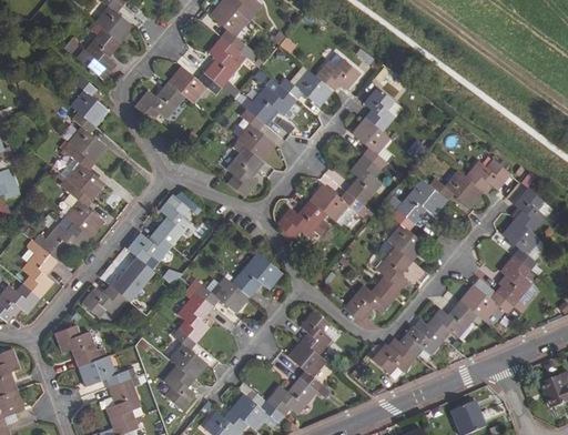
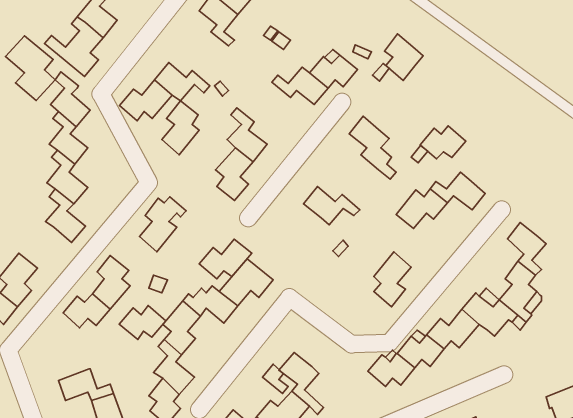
building: [204,37,240,88] -> [162,101,199,155]
building: none -> [6,36,55,100]
building: [246,84,297,122] -> none
building: [365,87,402,131] -> [385,34,423,81]
building: [346,153,382,205] -> none
building: [466,159,509,190] -> [420,126,466,159]
building: [514,188,544,231] -> none
building: [276,200,326,237] -> [199,239,252,279]
building: [387,210,425,260] -> none
building: [40,222,90,261] -> none
building: [126,231,171,263] -> [119,306,166,340]
building: [343,283,393,321] -> none
building: [298,311,337,354] -> none
building: [54,326,106,367] -> none

